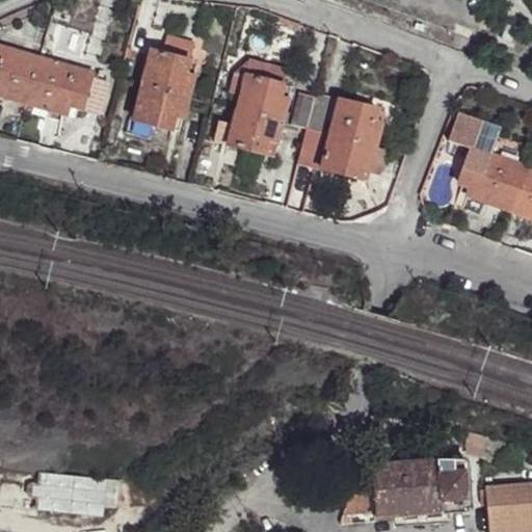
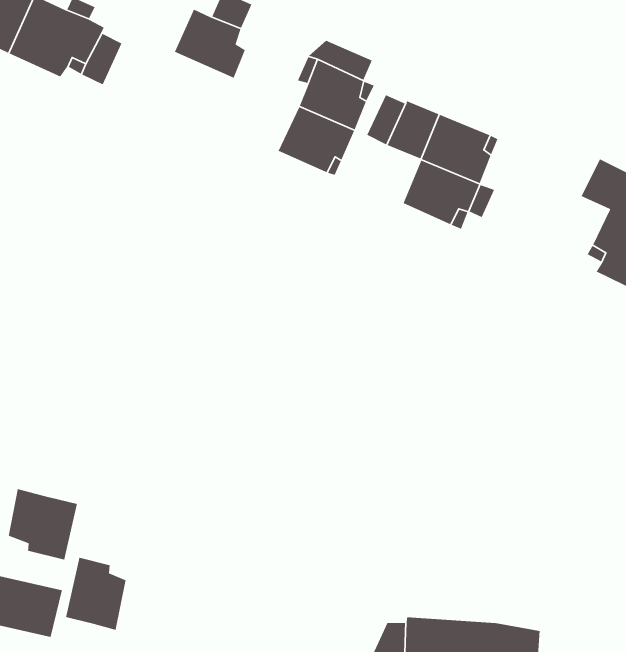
building: [134,85,189,129] -> none
building: [295,129,330,168] -> none
building: none -> [8,488,78,560]
building: none -> [65,557,126,631]

